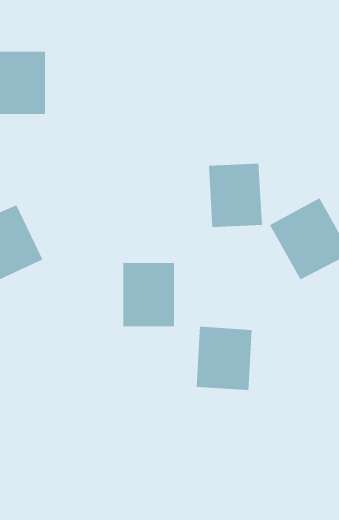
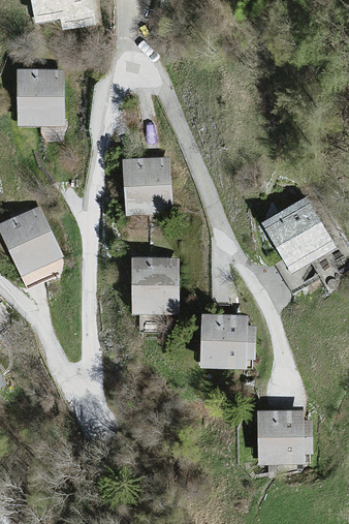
building: [208,163,263,228] -> [123,158,171,216]
building: none -> [257,410,310,465]

